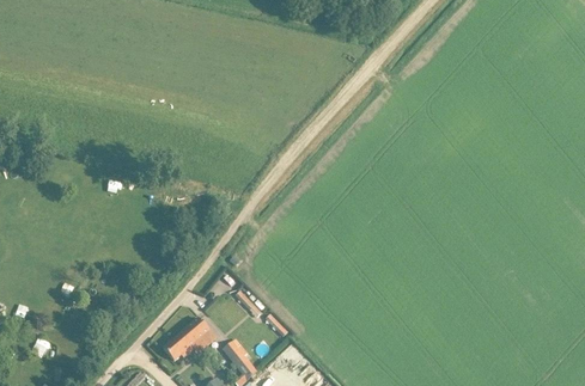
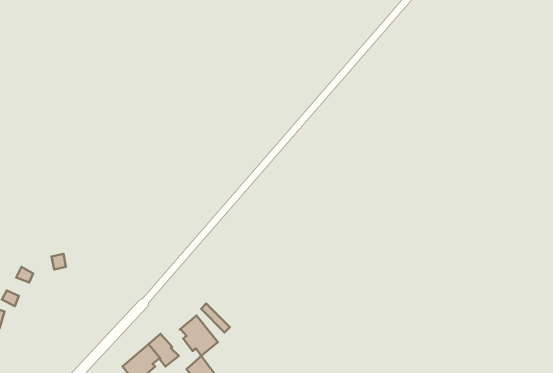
building: none -> [180,316,218,356]

